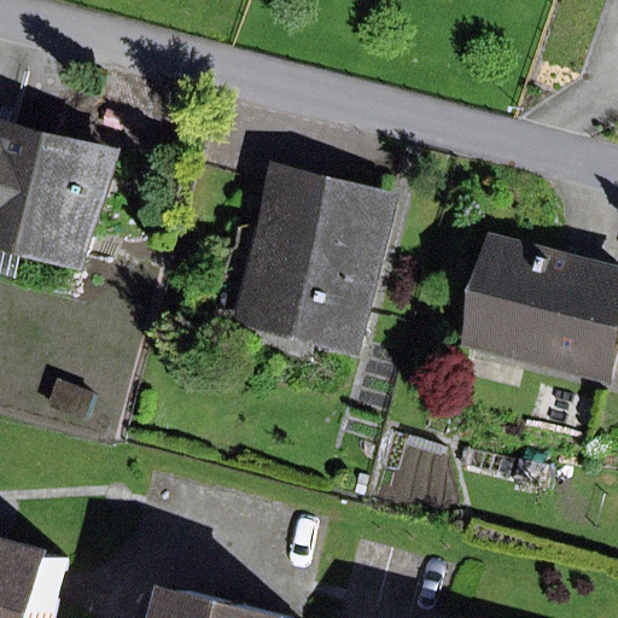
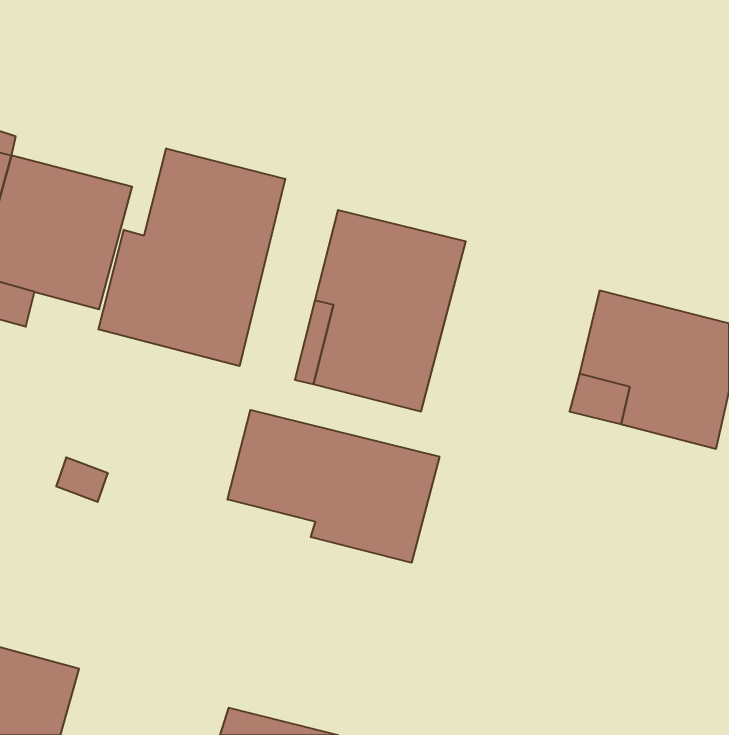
building: none -> [98,148,285,366]
building: none -> [228,410,439,563]

